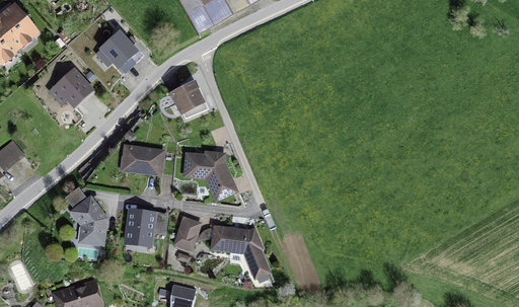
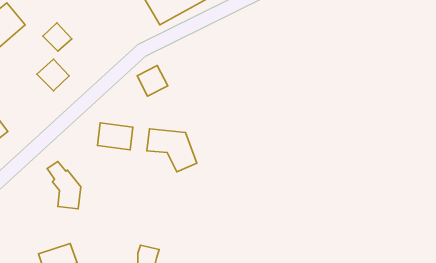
building: [101,33,135,66] -> [43,23,72,51]
building: [126,209,167,243] -> none
building: [172,216,200,250] -> none
building: [209,224,272,281] -> none

